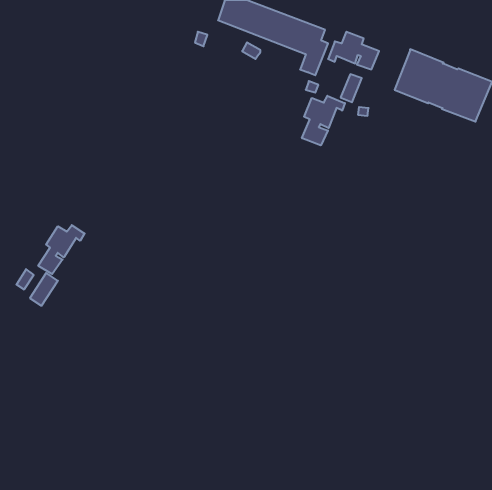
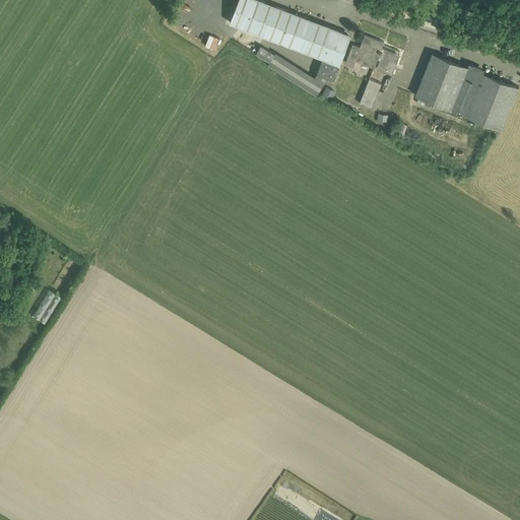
building: [302,96,345,145] -> none
building: [38,225,85,274] -> none

